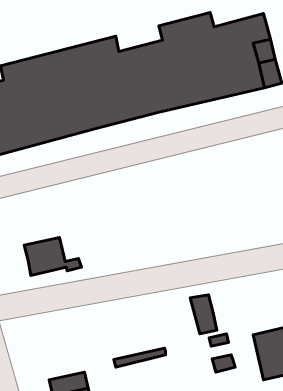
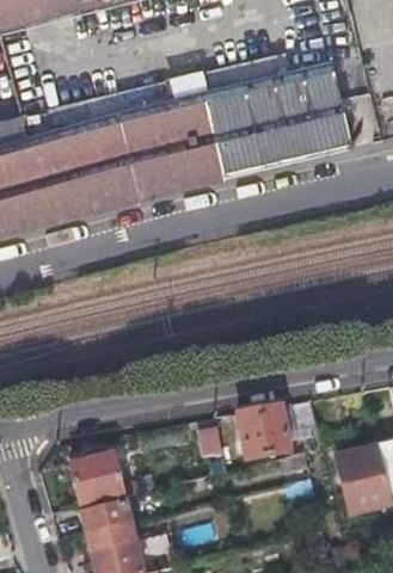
building: [24,237,81,276] -> [70,455,142,503]
building: none -> [235,409,270,461]

